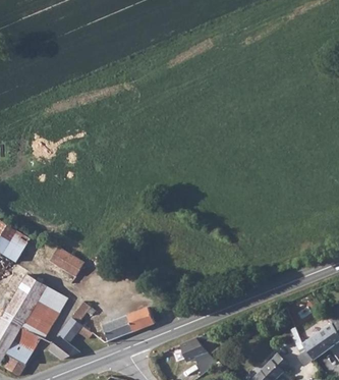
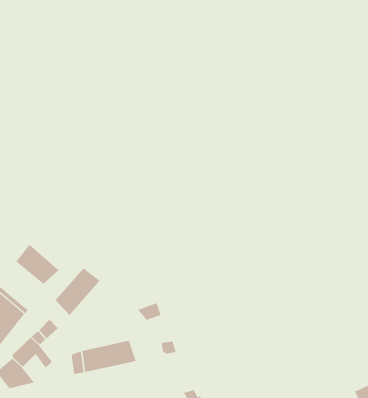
building: none -> [55,268,100,316]

